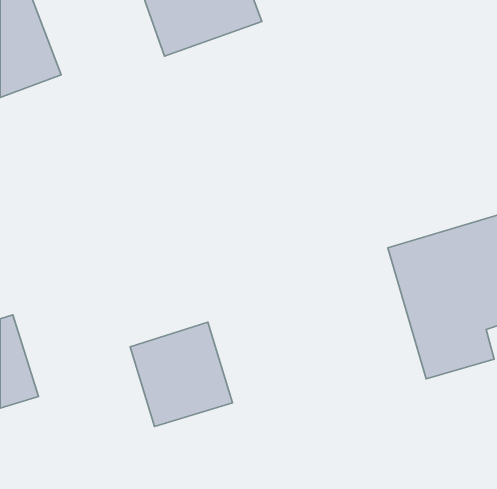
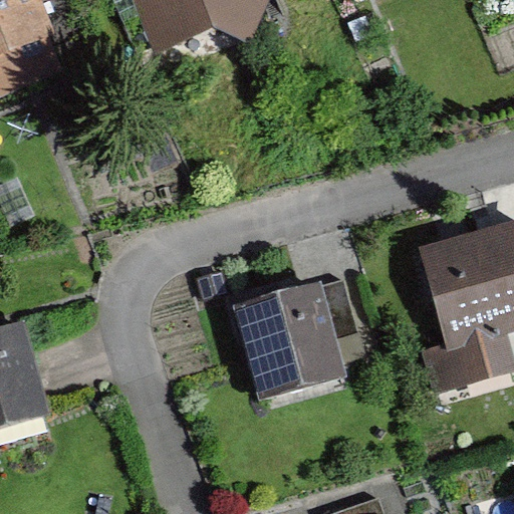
building: [130,322,232,426] -> [238,284,342,391]

